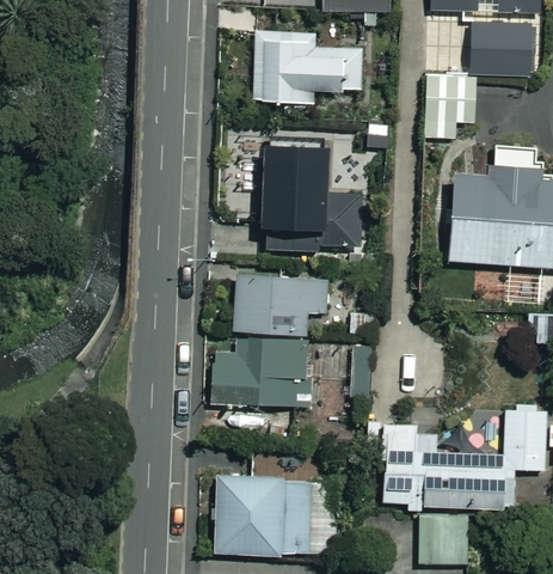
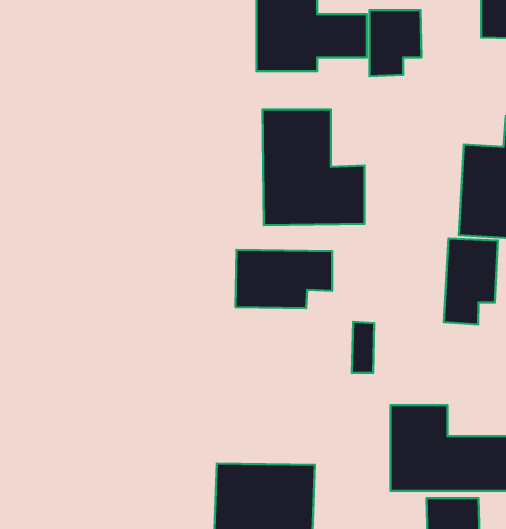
building: [425,75,475,139] -> [370,10,422,76]
building: none -> [444,238,498,324]
building: [213,341,305,404] -> none

